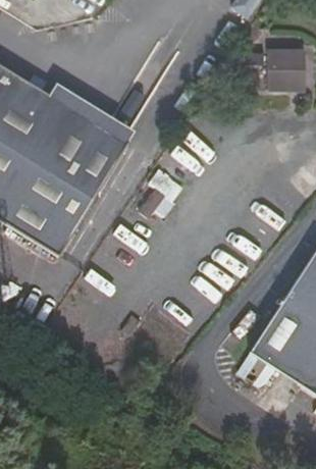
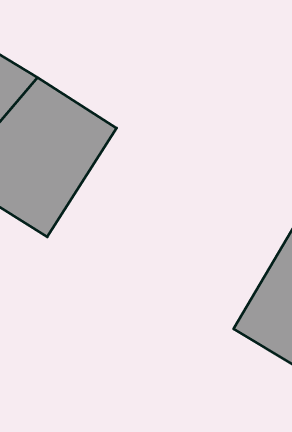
building: [262,50,298,87] -> none

